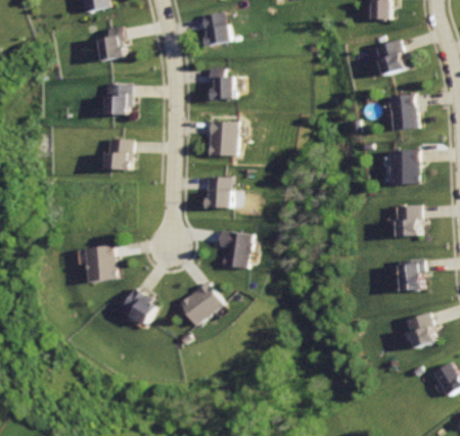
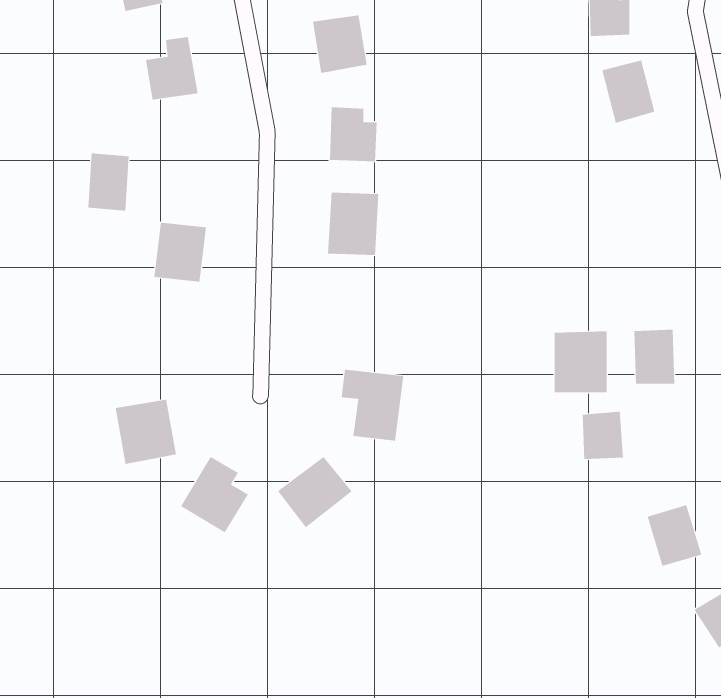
building: [100,81,126,116] -> [88,153,129,211]
building: [386,94,417,132] -> none
building: [385,148,418,186] -> [554,331,608,393]
building: [204,176,232,207] -> none
building: [398,260,423,290] -> [582,411,624,460]

